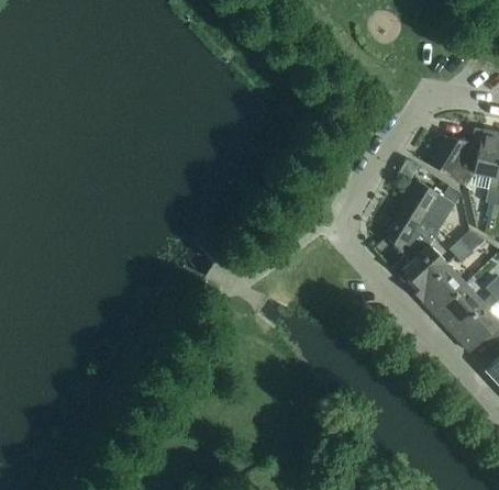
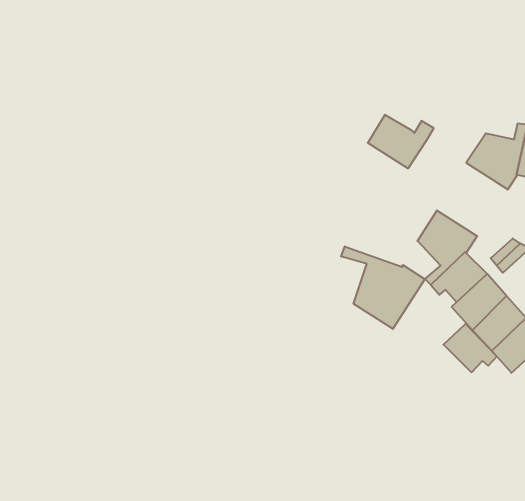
building: [403,181,463,230] -> [368,115,434,168]
building: none -> [341,246,425,329]
building: none -> [443,324,497,372]

